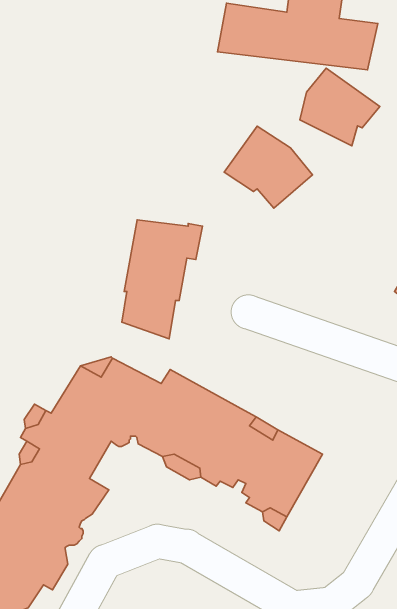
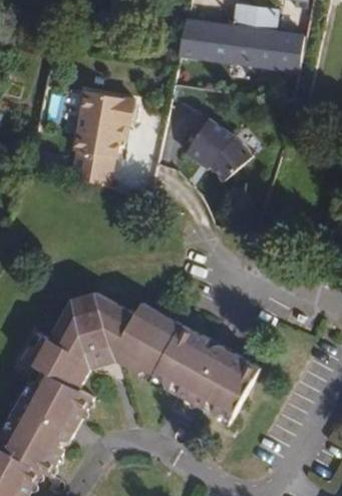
building: [300,68,380,146] -> none
building: [122,220,202,339] -> [72,91,135,184]

